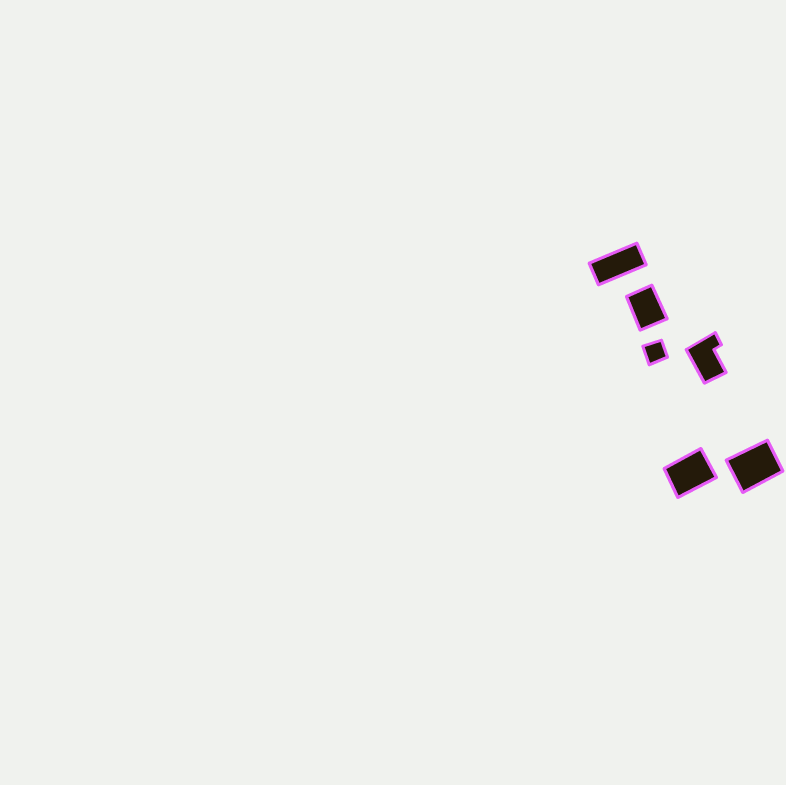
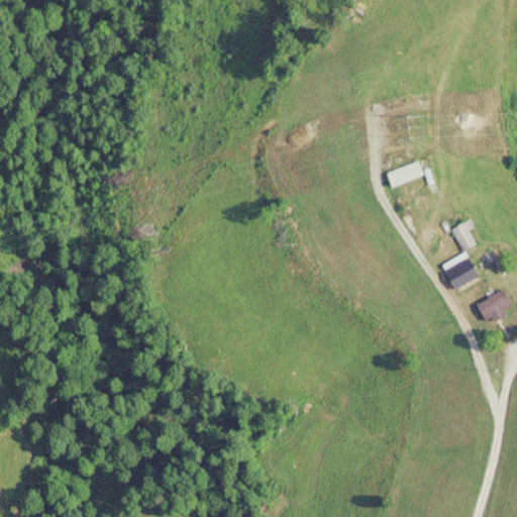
building: [627,285,667,330] -> none
building: [664,448,716,498] -> [445,257,480,290]

